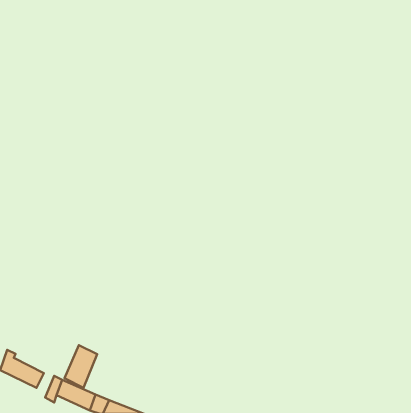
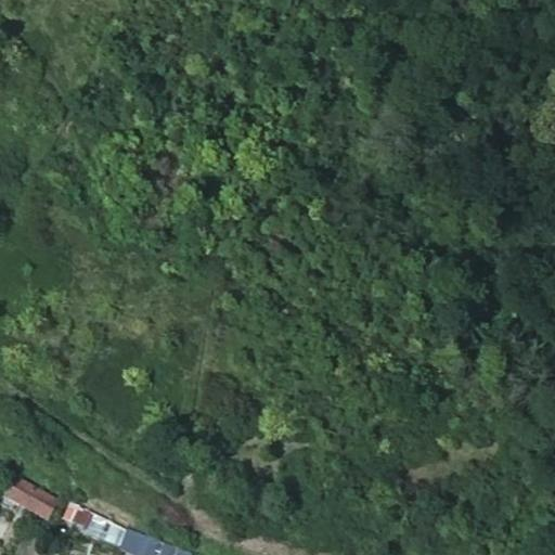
building: [65,345,97,388] -> none

